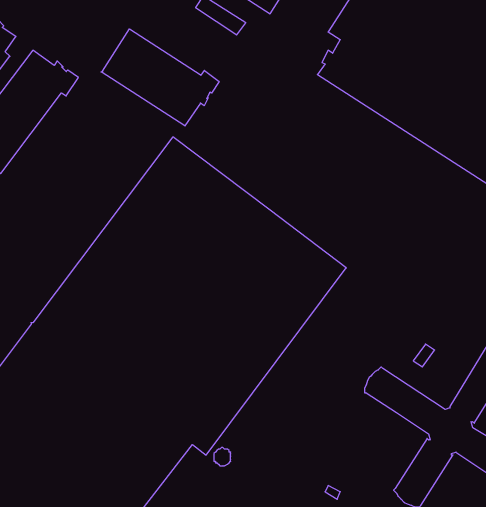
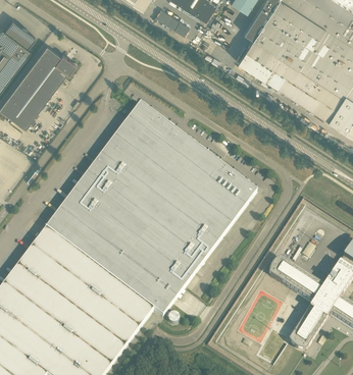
building: [101,29,219,126] -> none

